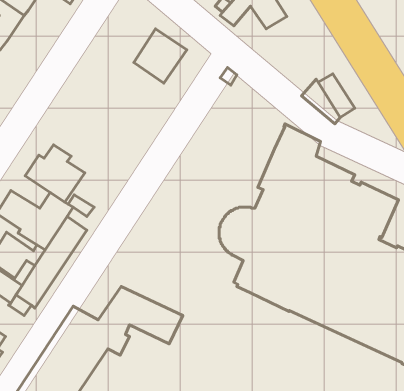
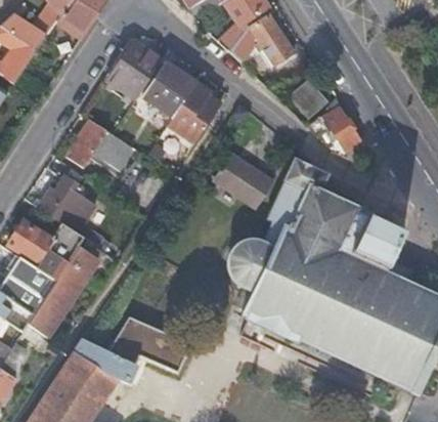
building: none -> [107,42,162,99]
building: none -> [289,79,328,120]
building: none -> [167,84,220,143]
building: none -> [65,120,139,173]
building: none -> [213,154,271,207]

